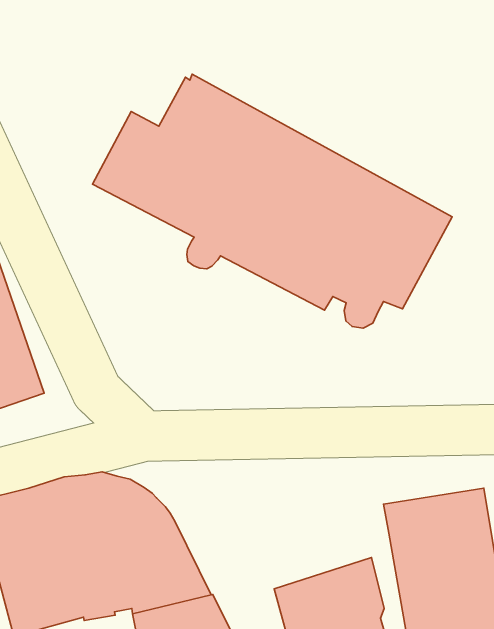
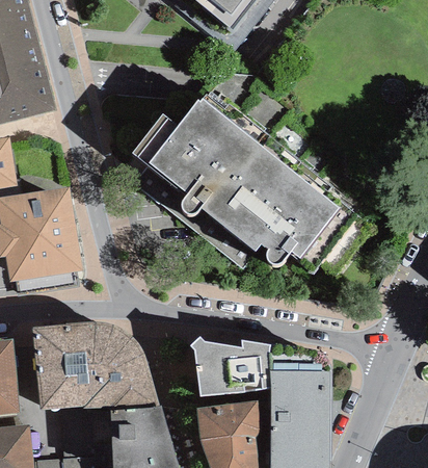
building: none -> [190,336,269,396]

